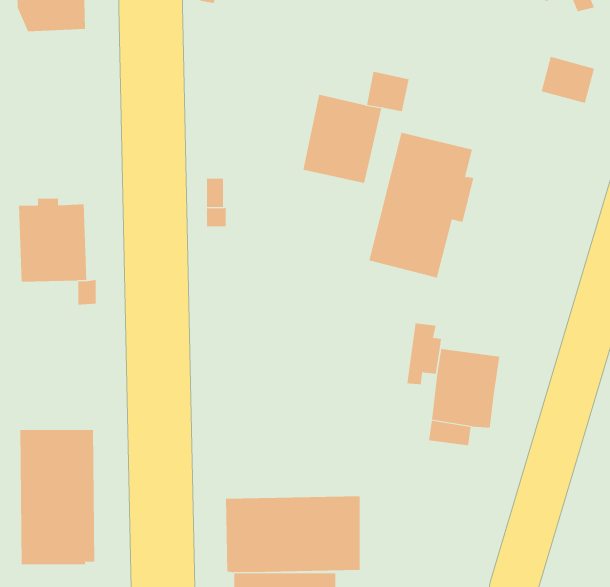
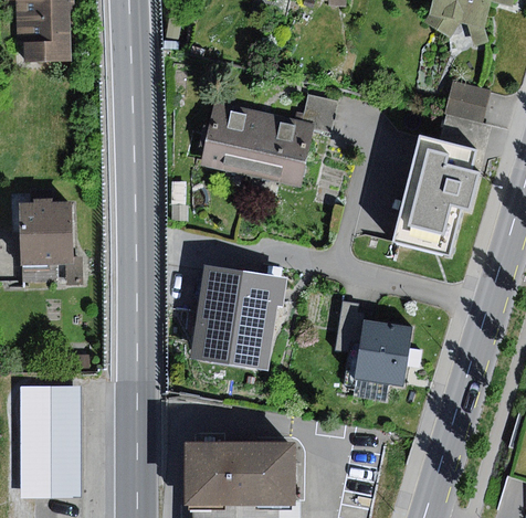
building: none -> [200,102,263,175]
building: [368,132,474,278] -> [392,136,478,255]
building: none -> [189,265,286,370]

